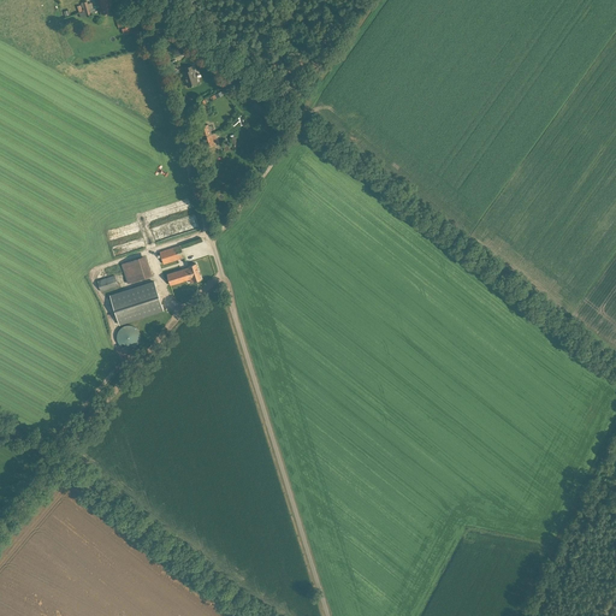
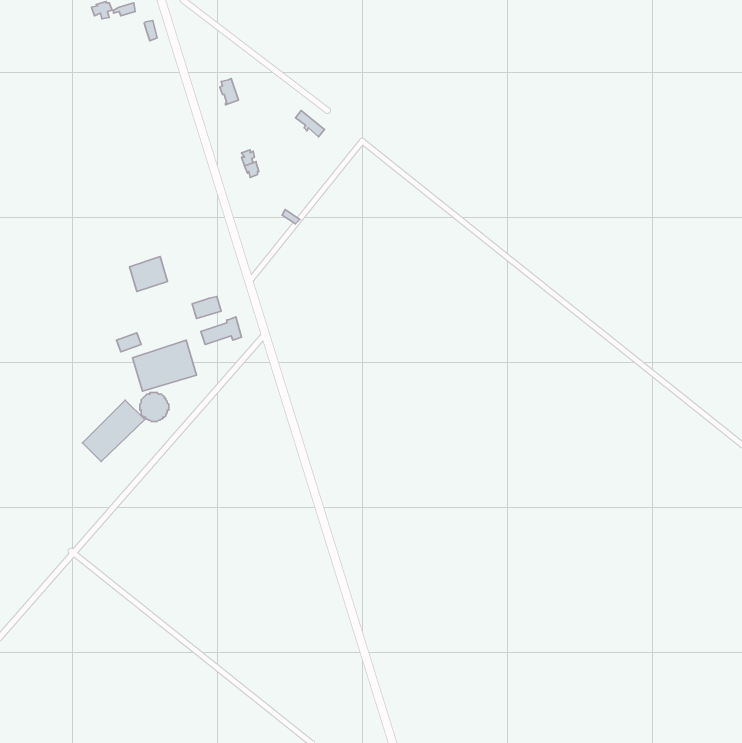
building: [120,255,152,284] -> [130,257,167,292]
building: none -> [83,400,145,462]

